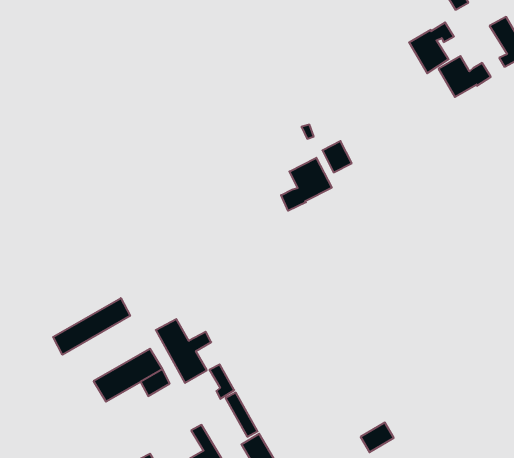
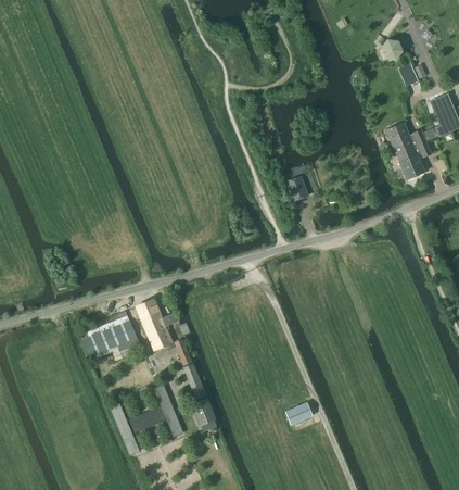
building: [409,22,454,73] -> [396,141,432,179]
building: [281,158,332,211] -> none
building: [53,298,130,355] -> none

